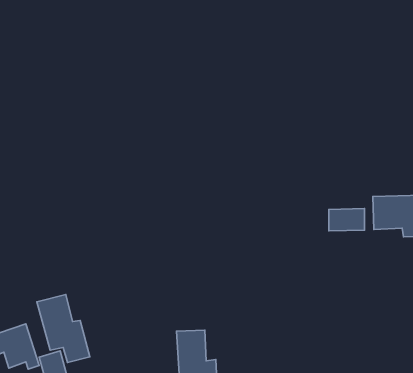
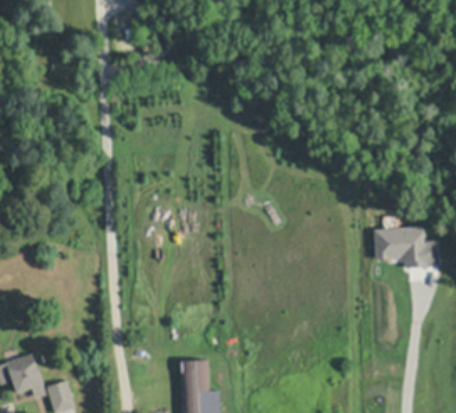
building: [329,209,364,231] -> none
building: [37,294,90,363] -> none

